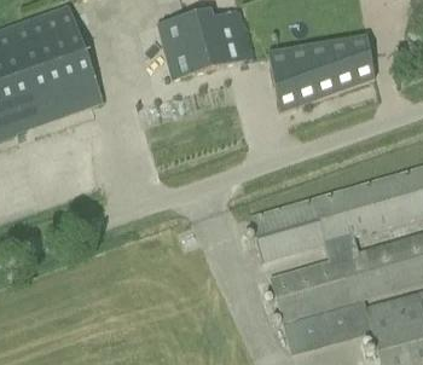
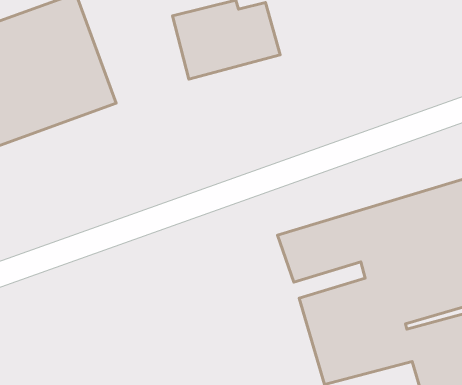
building: [270,35,375,111] -> none

